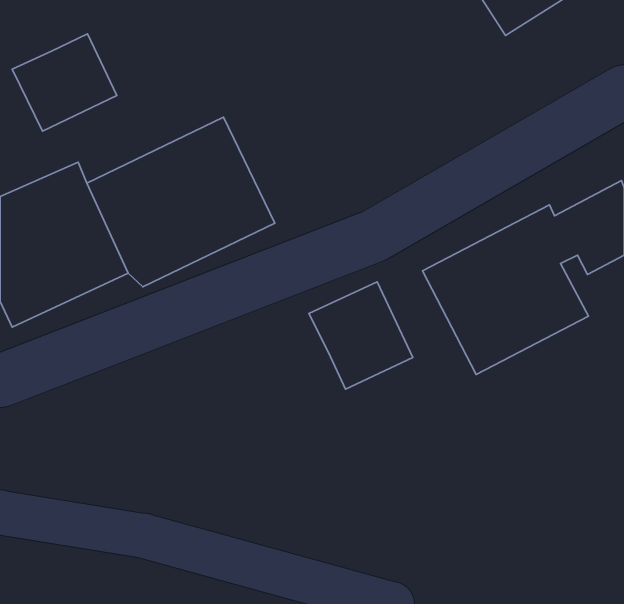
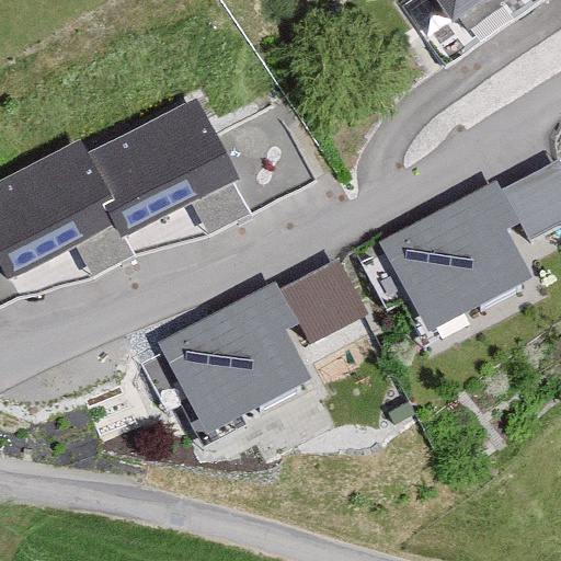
building: [12,34,117,131] -> none
building: none -> [157,282,298,428]

